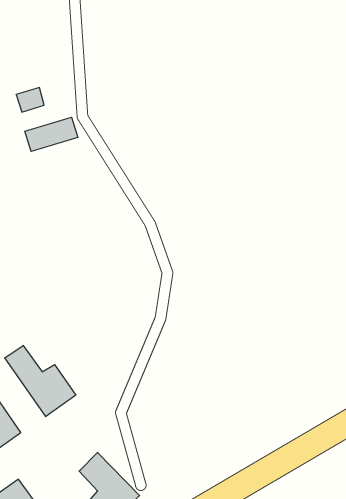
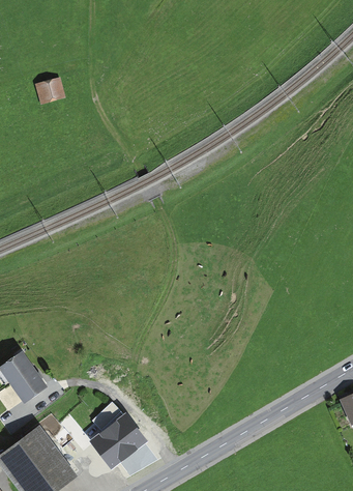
building: [25,117,78,151] -> none
building: [5,345,76,417] -> none

